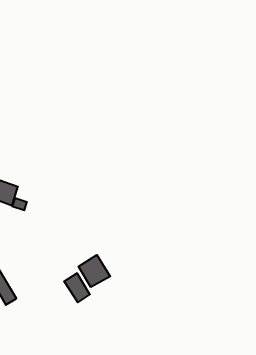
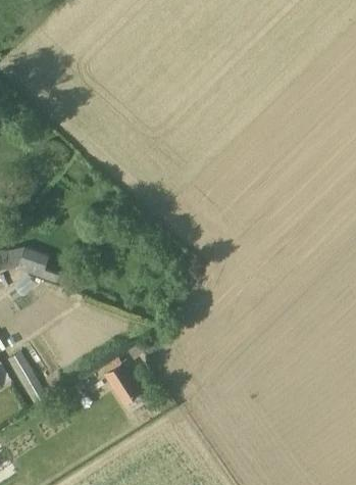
building: [79,255,110,287] -> none

